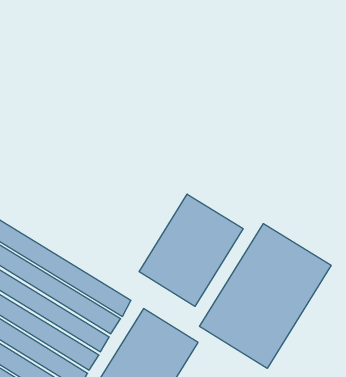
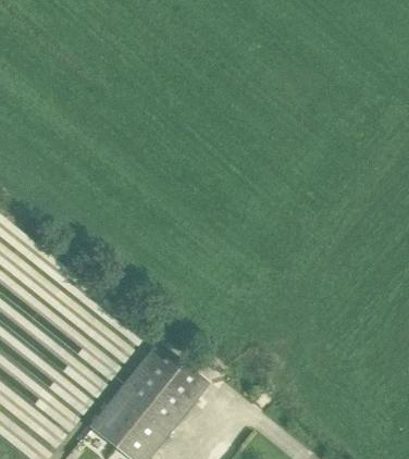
building: [139,194,243,306] -> none
building: [200,224,331,368] -> none

